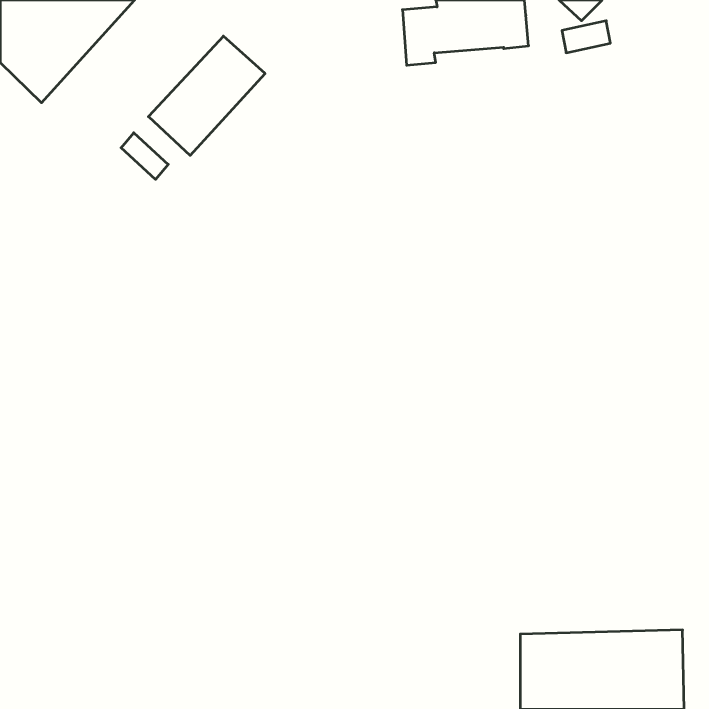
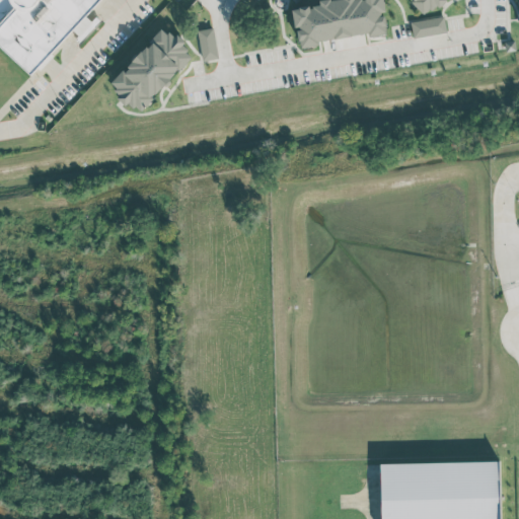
building: none -> [197,26,219,61]
building: [121,133,168,179] -> none

